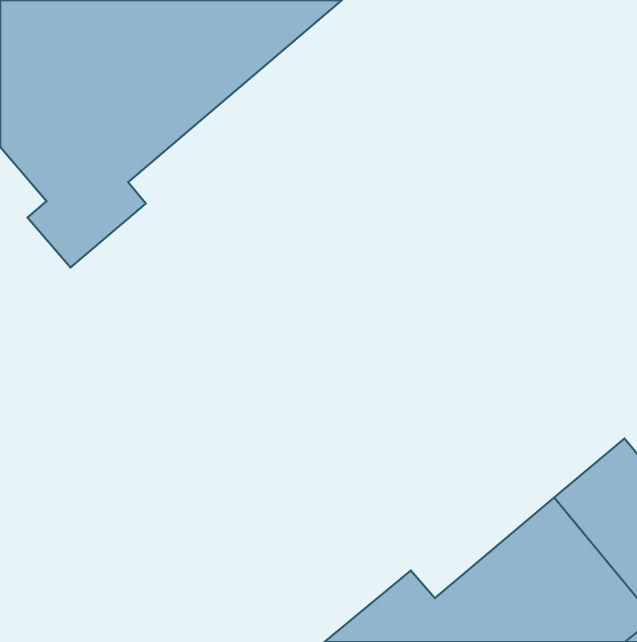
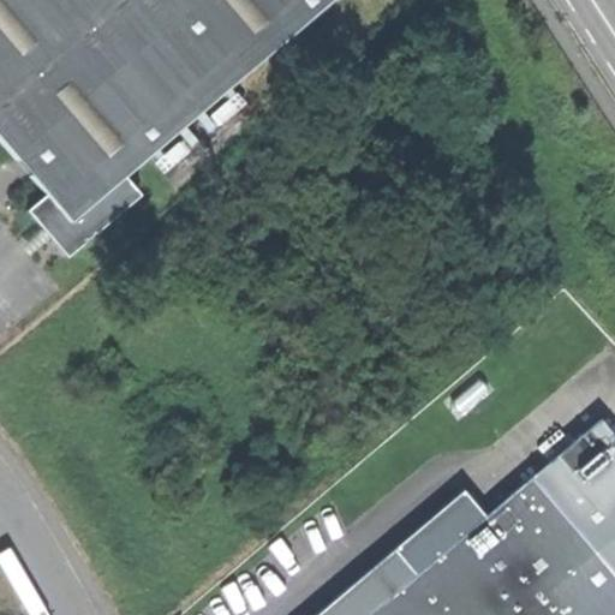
building: none -> [398,490,488,572]

